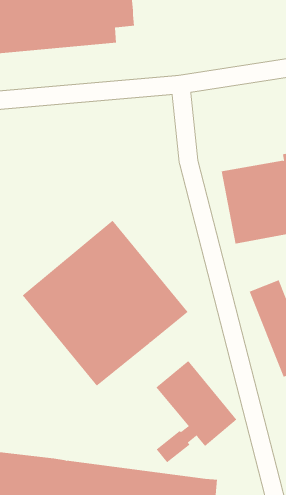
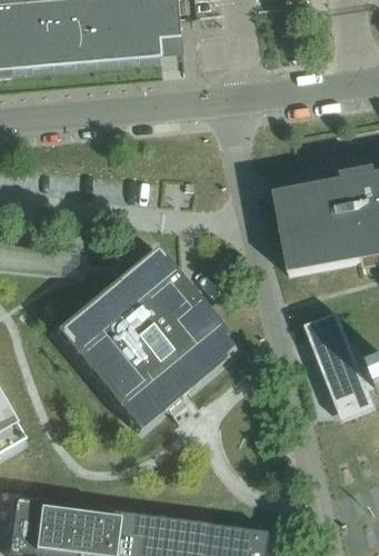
building: [155,360,237,463] -> none

